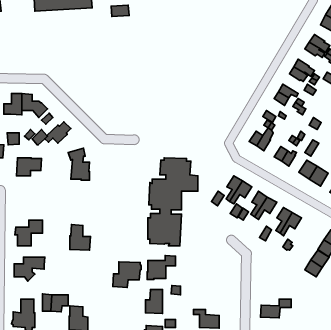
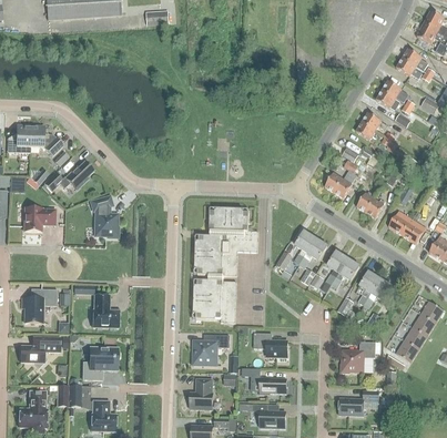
building: none -> [253,333,287,360]
building: none -> [341,342,375,373]
building: [113,262,141,287] -> [82,346,119,379]
building: none -> [258,376,286,394]

